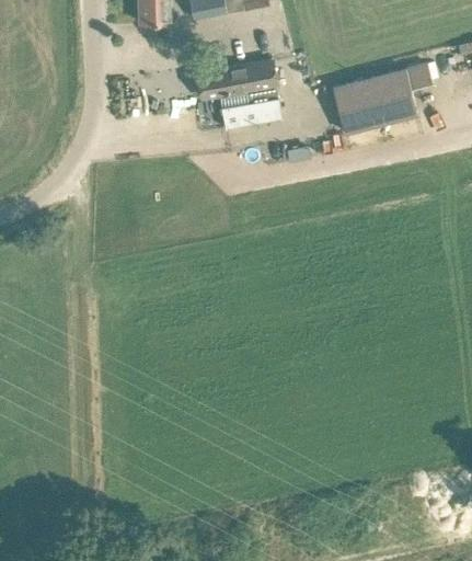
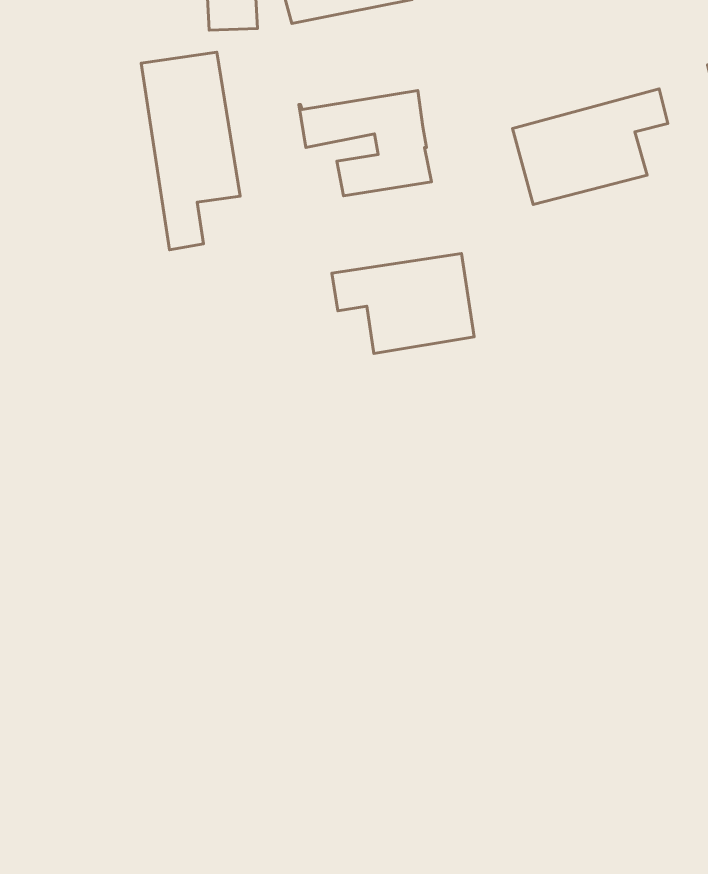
building: none -> [141,52,240,250]
building: none -> [332,253,474,354]

